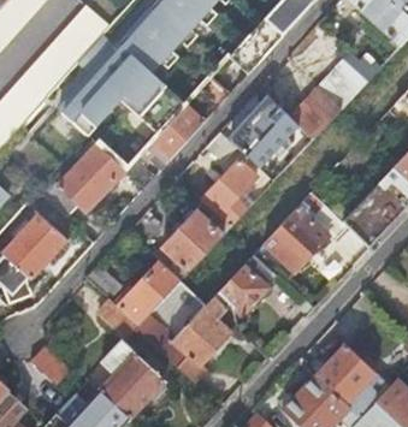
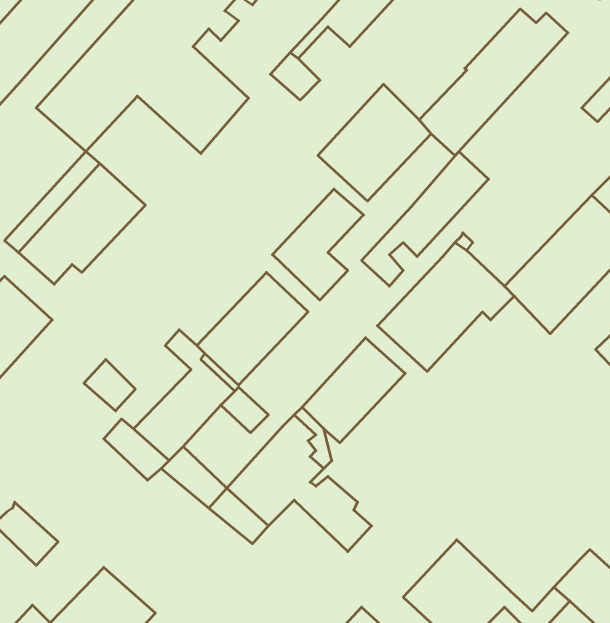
building: [128,105,205,186] -> [362,152,489,286]
building: [99,340,165,417] -> none
building: [313,342,388,416] -> none

